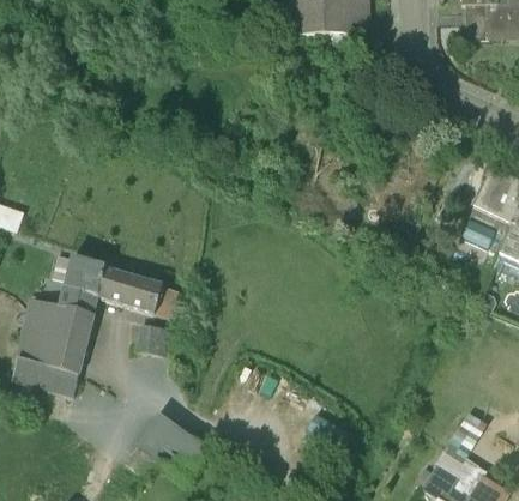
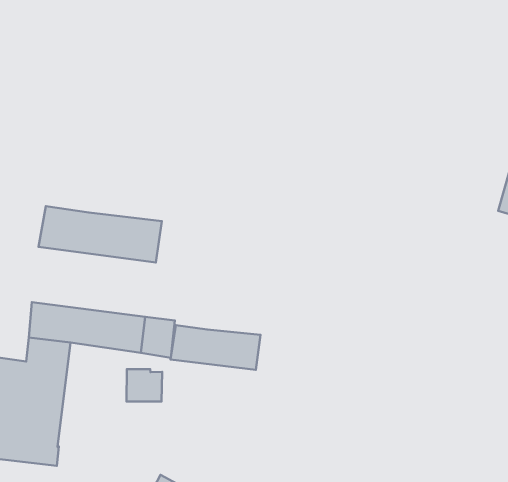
building: none -> [38,206,162,262]
building: none -> [170,325,260,370]

